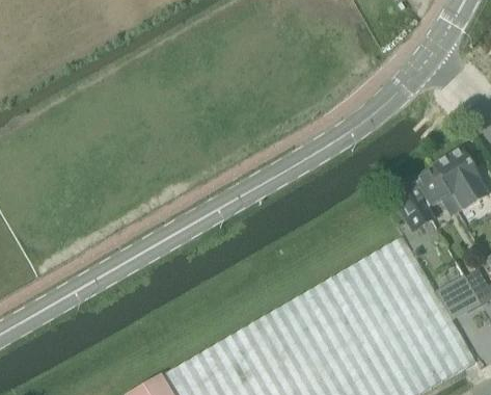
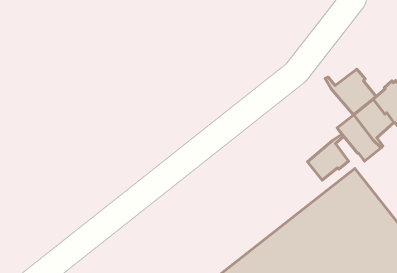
building: none -> [325,69,376,115]
building: none -> [308,134,348,180]

